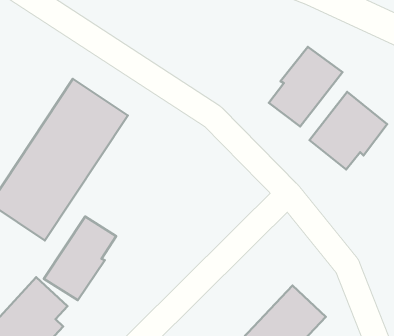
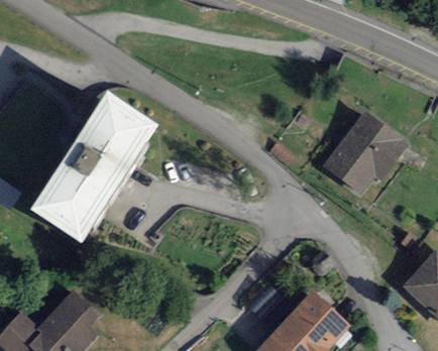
building: [269,47,342,127] -> none
building: [44,216,116,300] -> none

